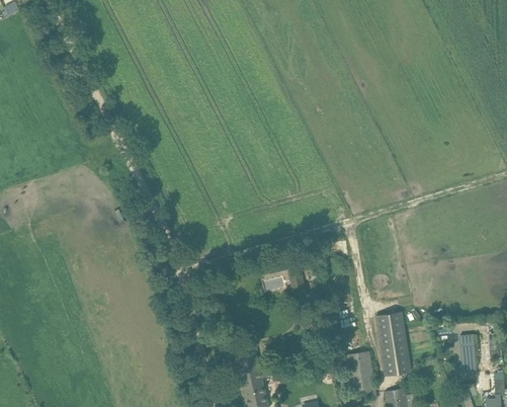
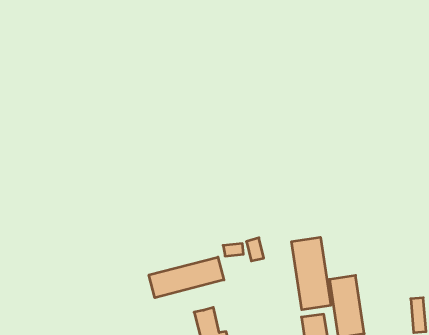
building: none -> [292,237,331,310]
building: none -> [149,257,224,298]

